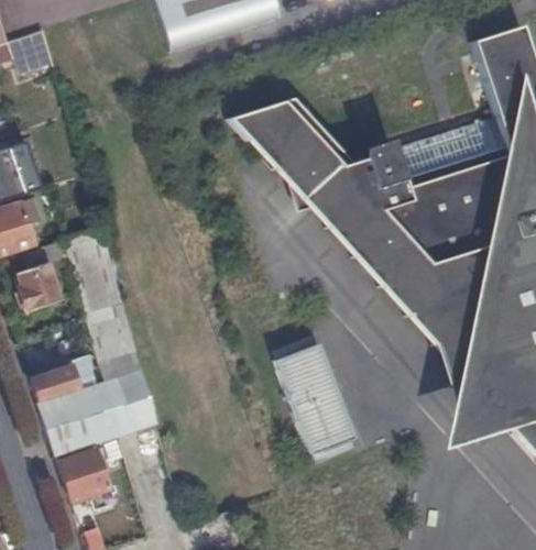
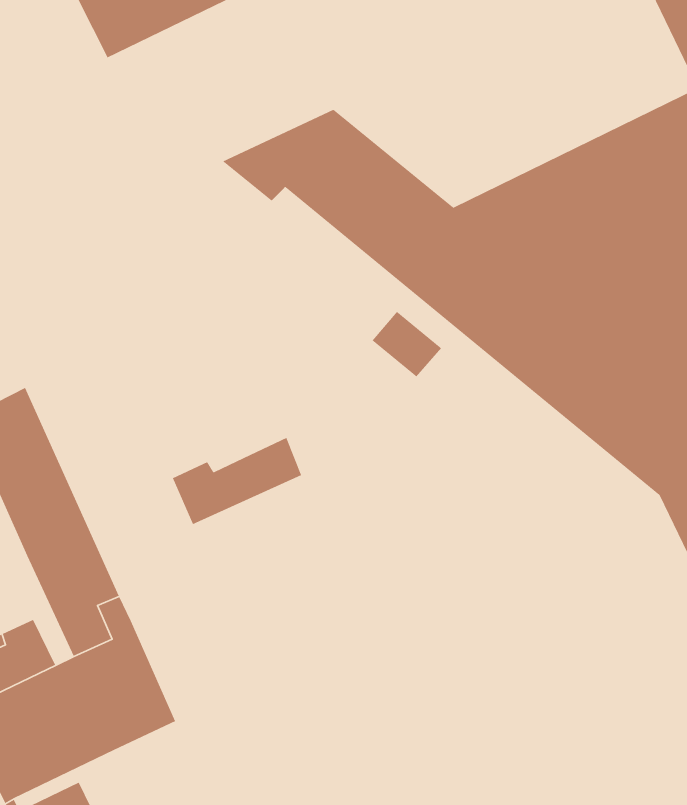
building: none -> [172,437,302,525]
building: [276,342,354,463] -> none

